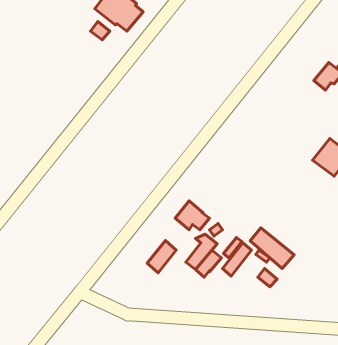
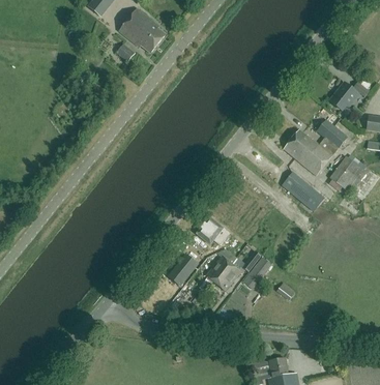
building: none -> [284,119,348,176]
building: [250,228,294,269] -> [282,172,324,211]

